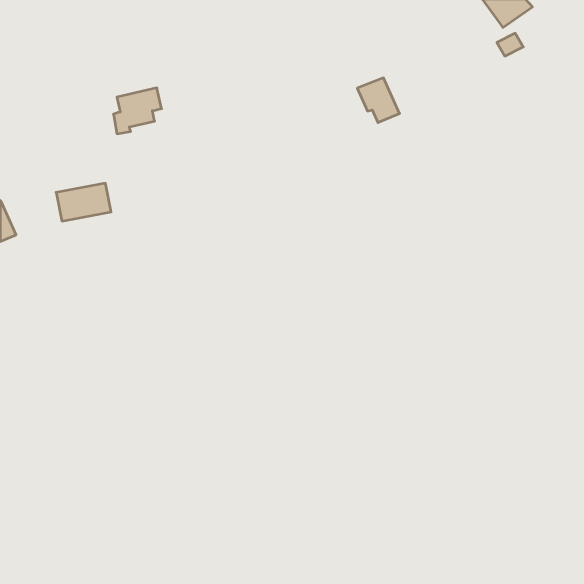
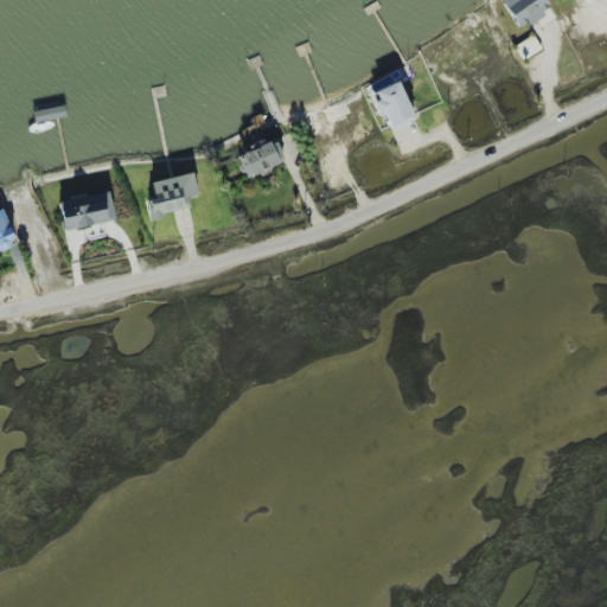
building: [113,88,162,134] -> [148,172,198,219]
building: none -> [239,135,285,174]

